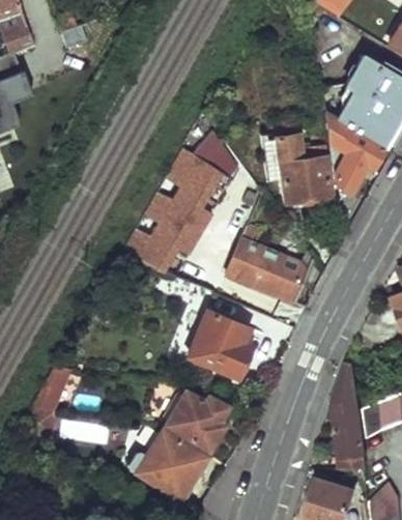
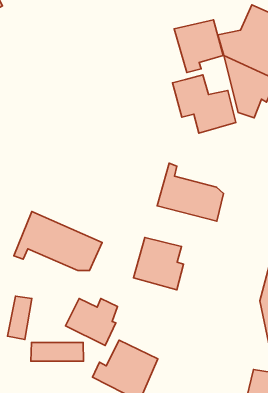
building: none -> [174,20,223,73]
building: [123,124,237,277] -> none
building: none -> [14,212,102,271]
building: [167,393,230,451] -> [66,298,118,345]

